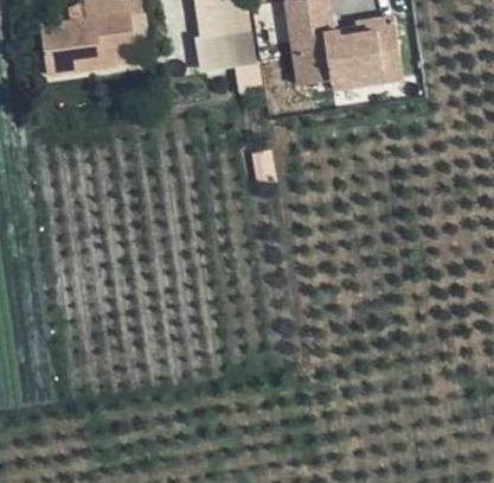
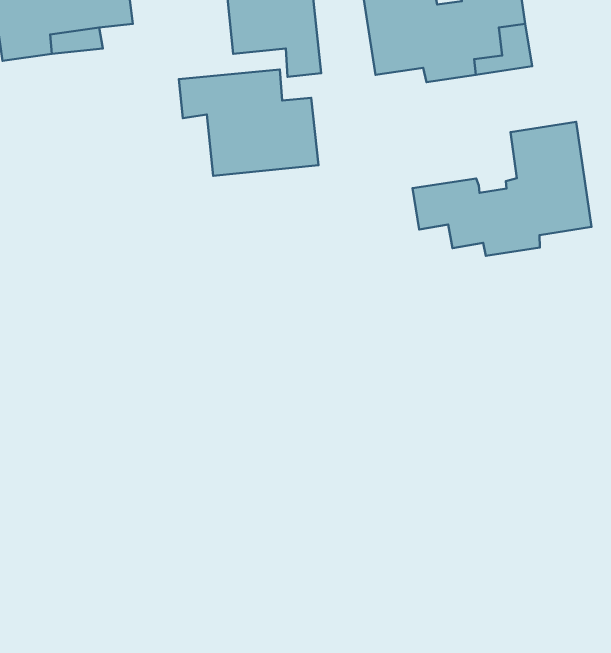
building: none -> [179,70,319,176]
building: none -> [413,122,591,256]

